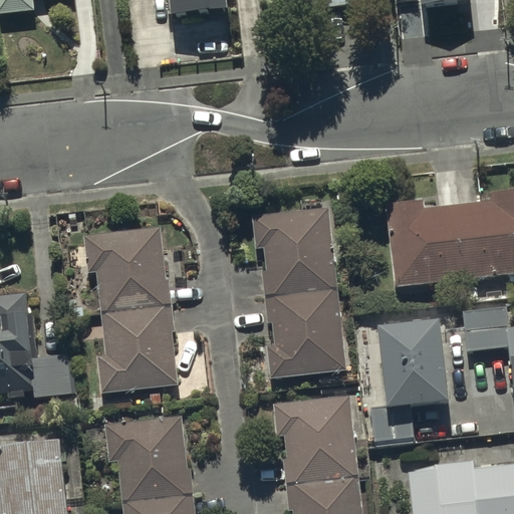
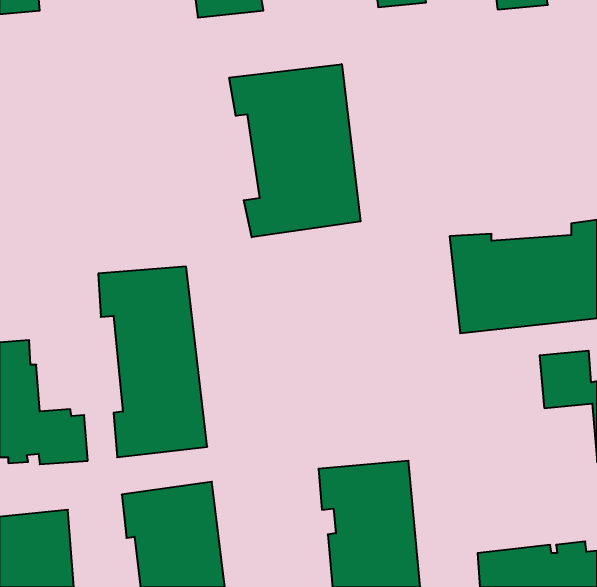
building: none -> [229,64,361,237]
building: [252,209,346,376] -> none
building: [370,327,451,444] -> none

